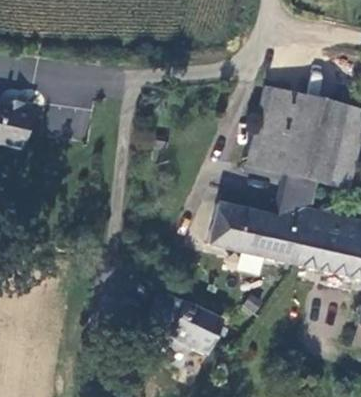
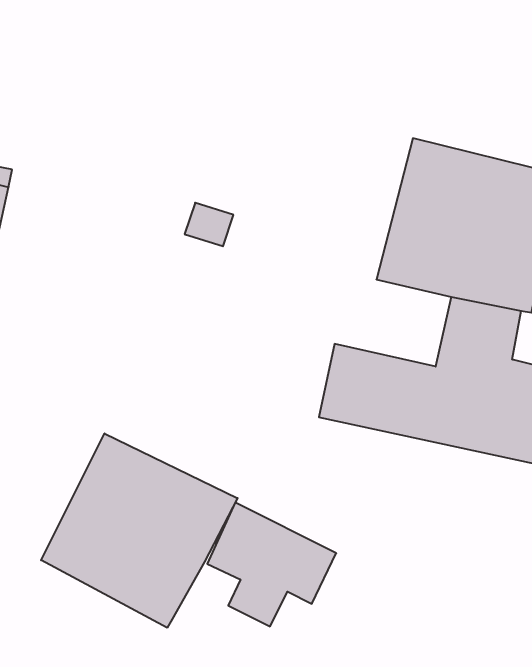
building: none -> [41,433,238,628]

